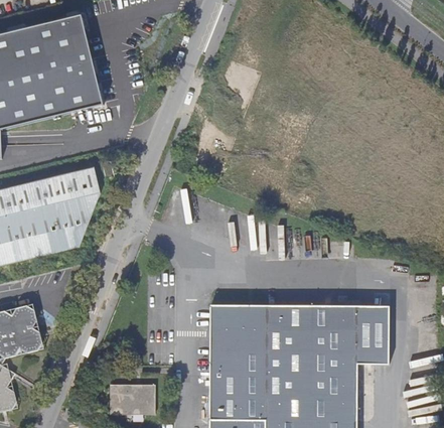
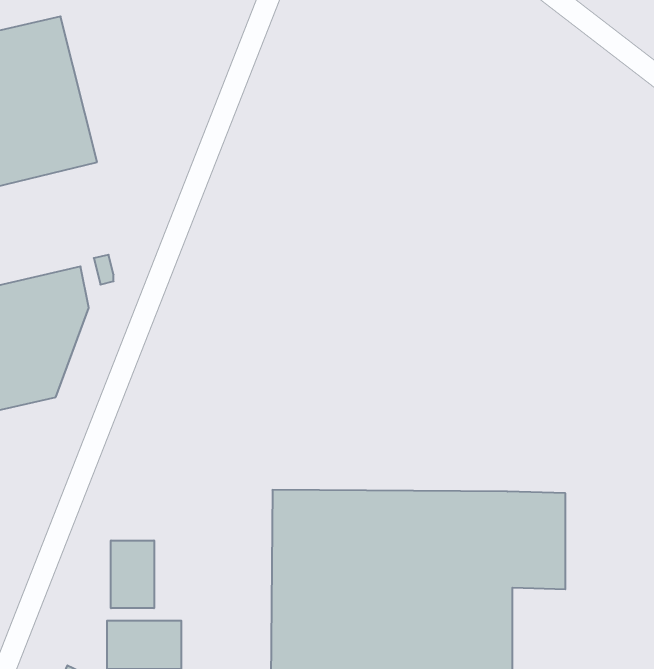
building: none -> [111,540,154,608]

